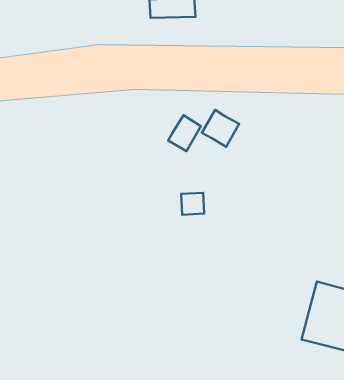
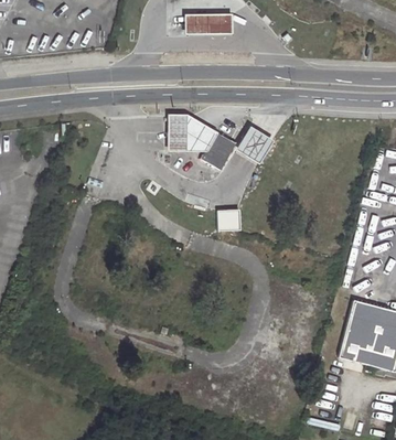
building: none -> [168,115,218,149]

